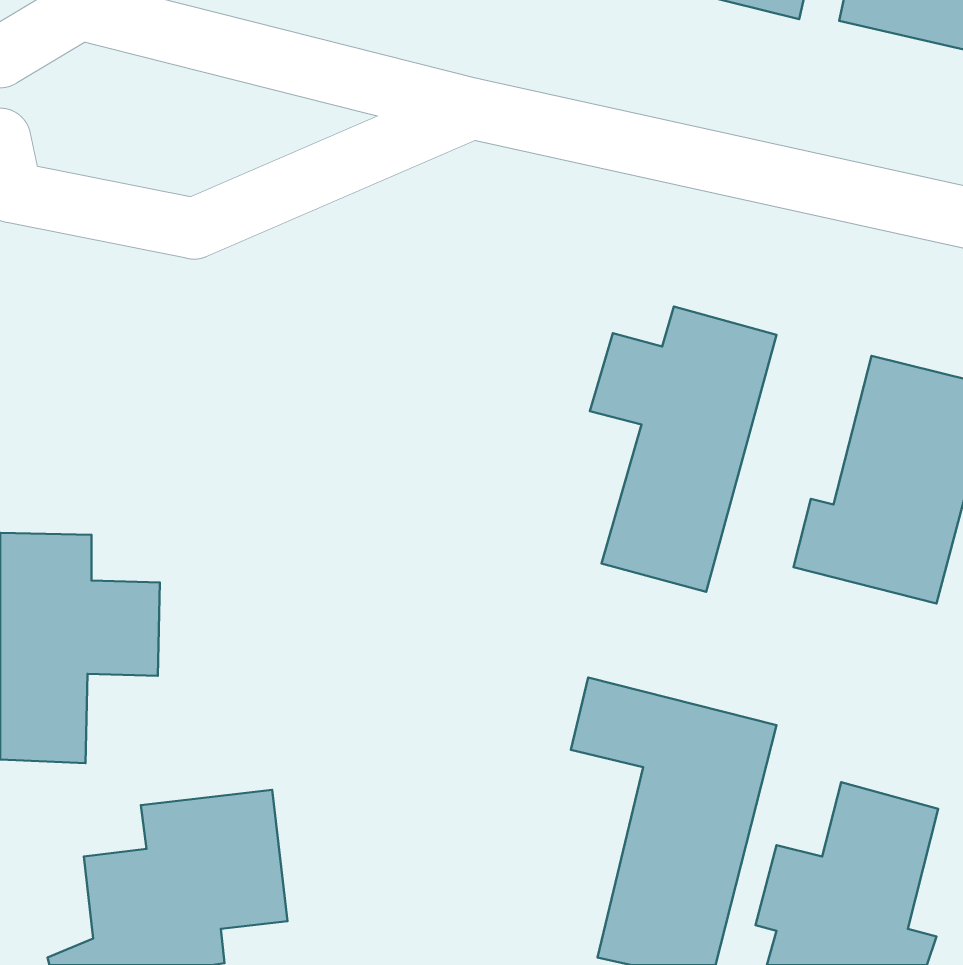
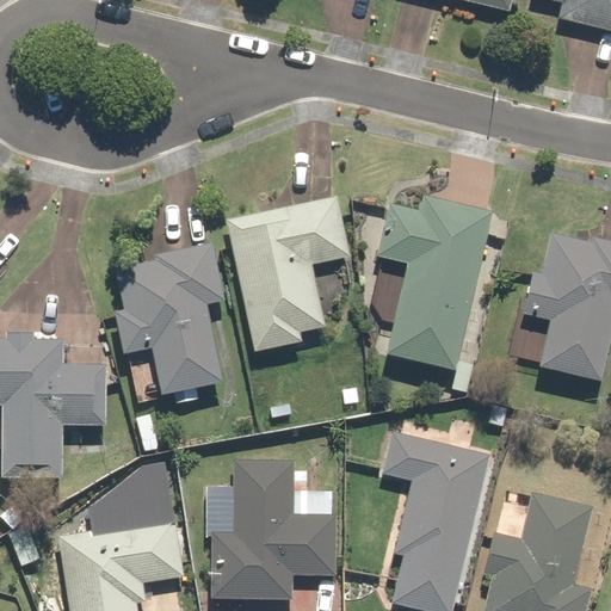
building: none -> [226,196,350,352]
building: none -> [112,248,228,396]
building: none -> [205,457,341,600]

